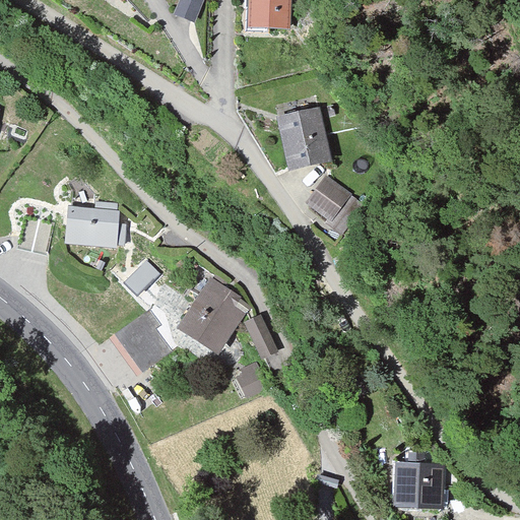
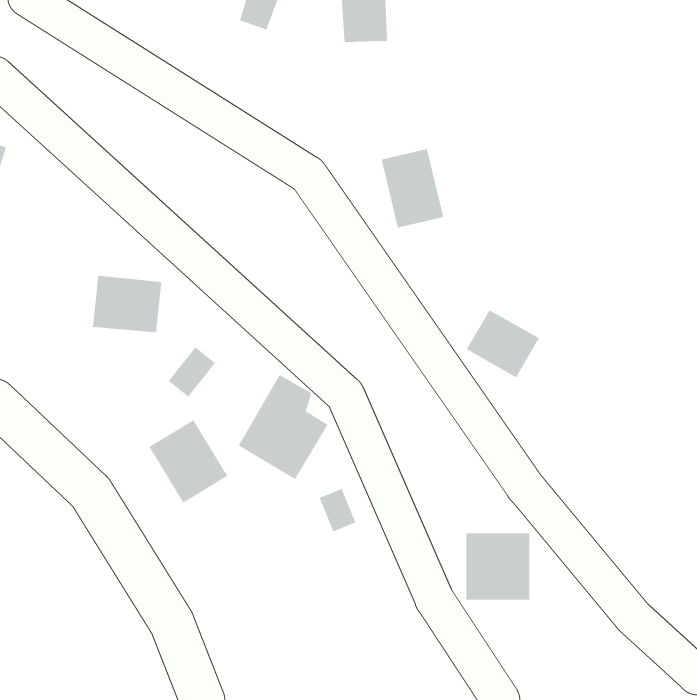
building: [305,179,360,230] -> [466,309,540,378]
building: [244,311,279,358] -> none
building: [390,459,438,509] -> [466,533,530,600]

